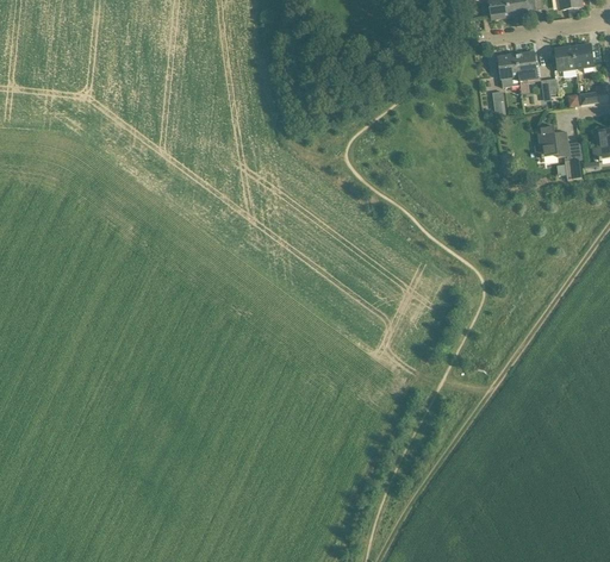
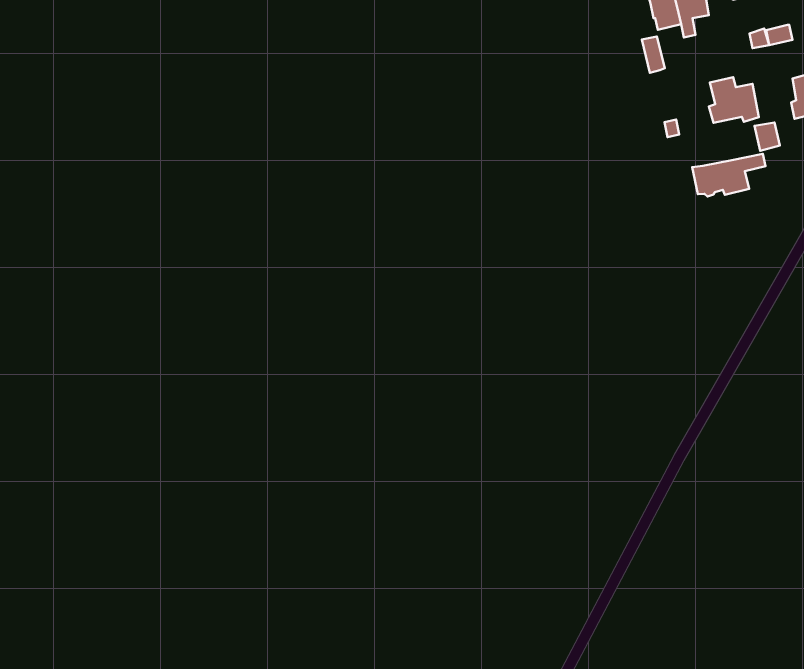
building: none -> [692,154,765,197]

